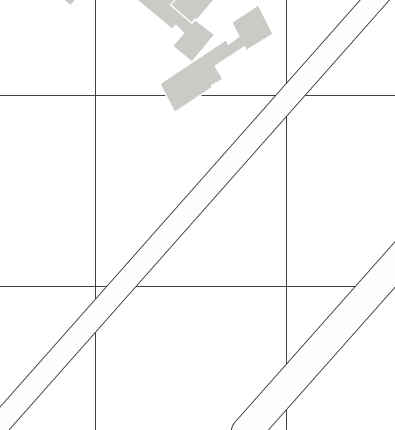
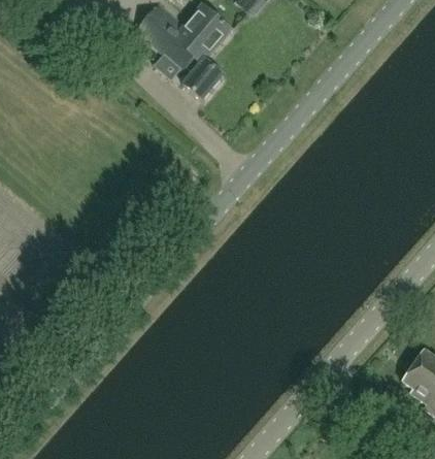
building: [160,5,273,112] -> none

